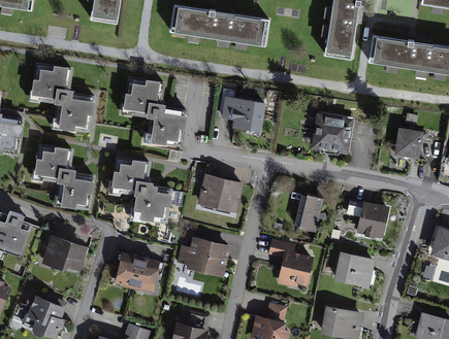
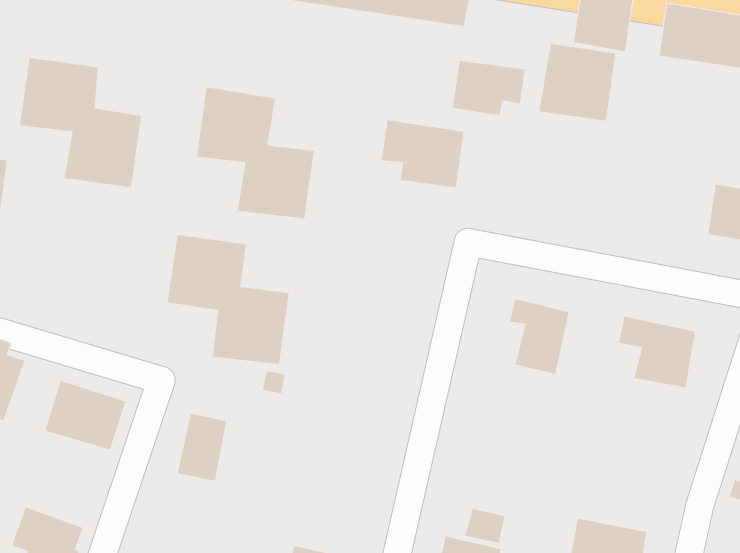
building: none -> [452,60,525,116]
building: [312,113,353,155] -> [539,43,616,121]
building: [31,143,96,212] -> none
building: [199,173,244,212] -> none
building: [178,236,230,276] -> none
building: [269,239,314,287] -> none
building: [334,250,375,285] -> none
building: [134,256,161,292] -> none

